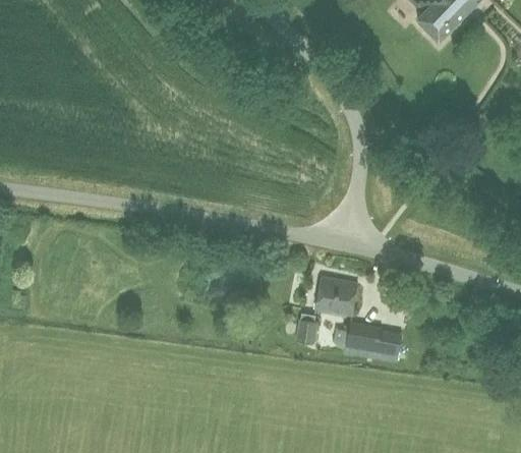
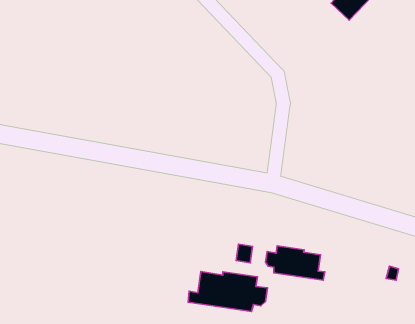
building: [315,276,357,315] -> none
building: none -> [188,272,267,312]

